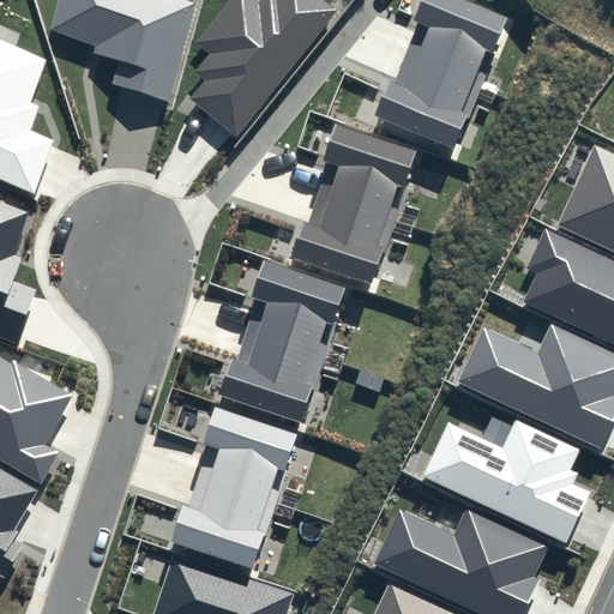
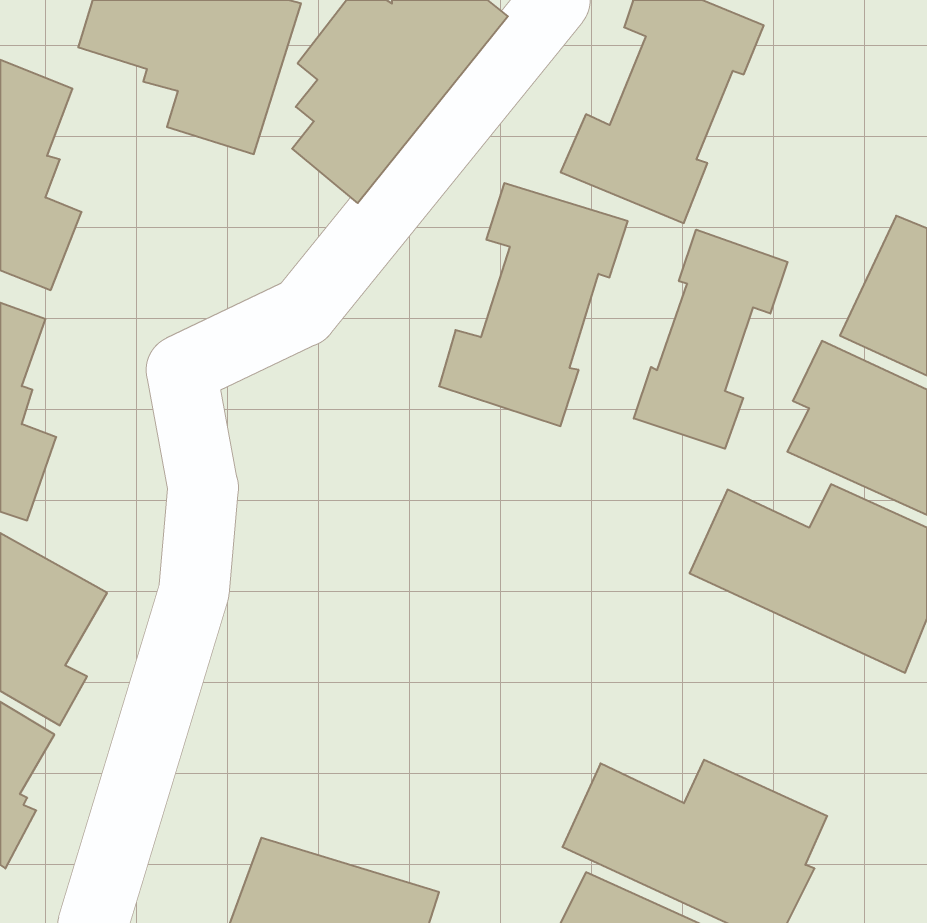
building: none -> [634,230,788,449]
building: [218,263,344,423] -> none
building: [170,408,297,570] -> none
building: [422,417,589,540] -> none

